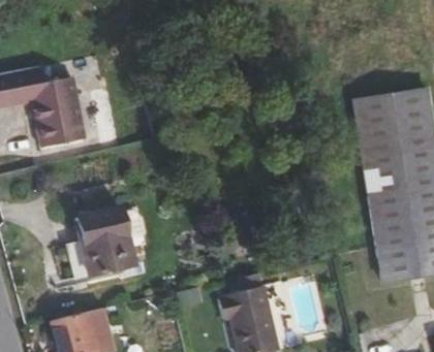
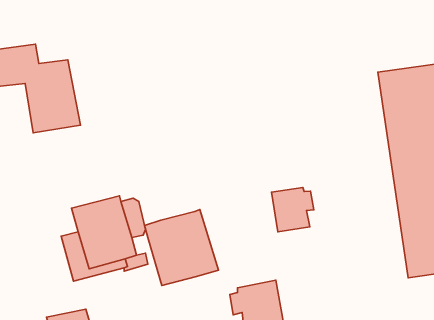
building: none -> [272,188,314,232]
building: none -> [145,210,219,286]

